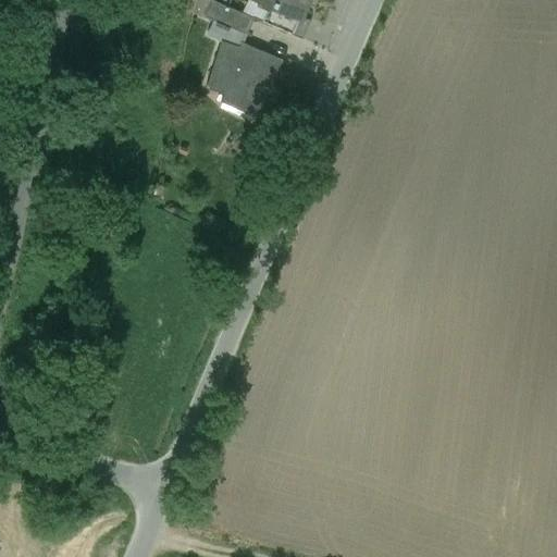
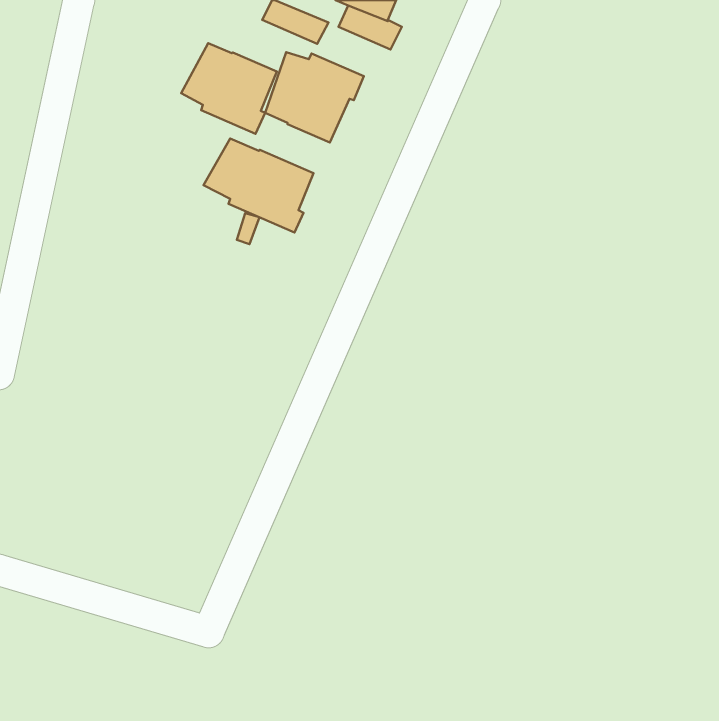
building: none -> [181,43,277,134]
building: none -> [204,138,314,232]

